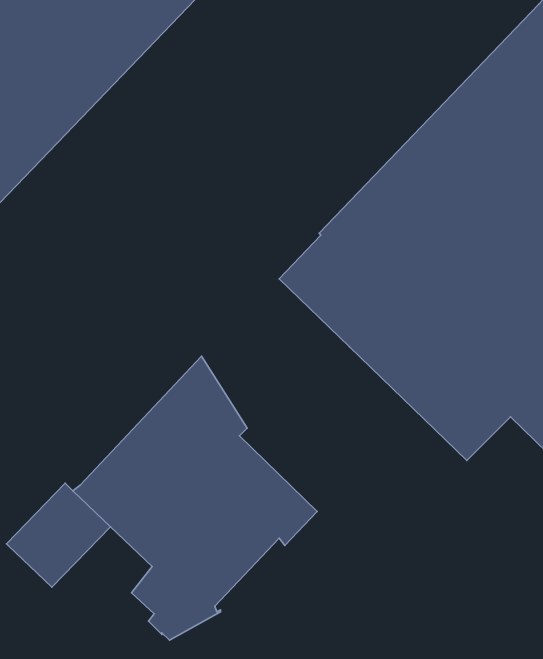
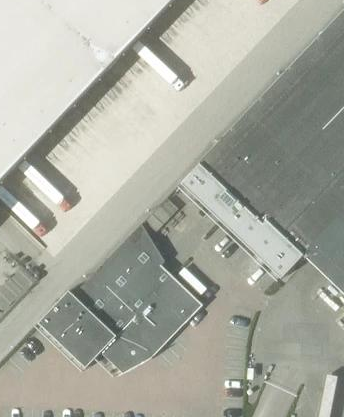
building: none -> [62,313,115,368]

